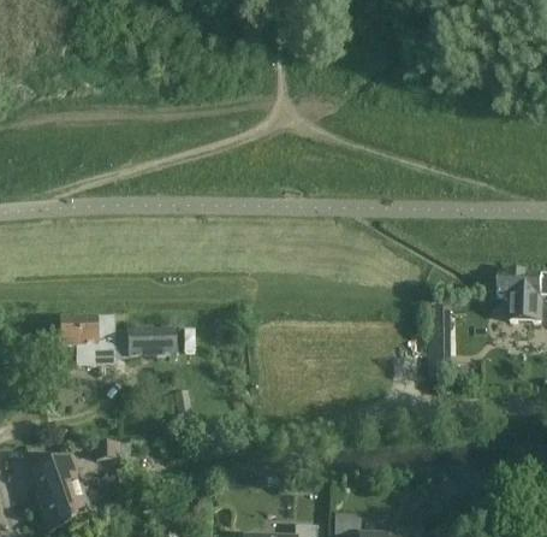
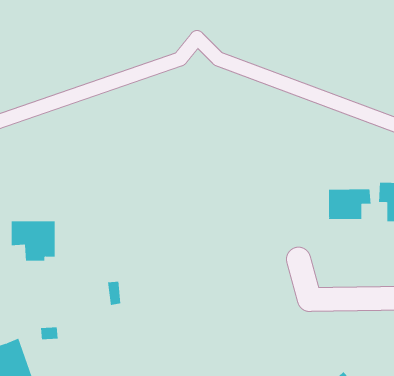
building: none -> [329,188,371,220]
building: [126,327,176,355] -> none

